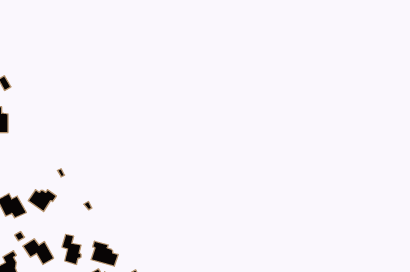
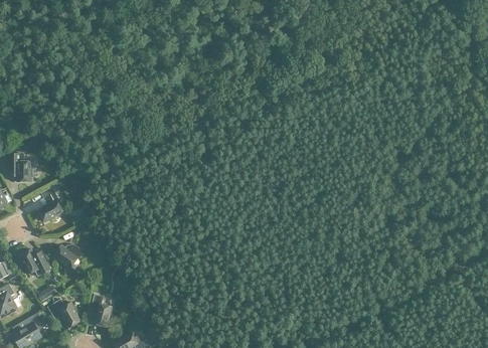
building: none -> [37,191,62,221]
building: [91,241,118,266] -> none

